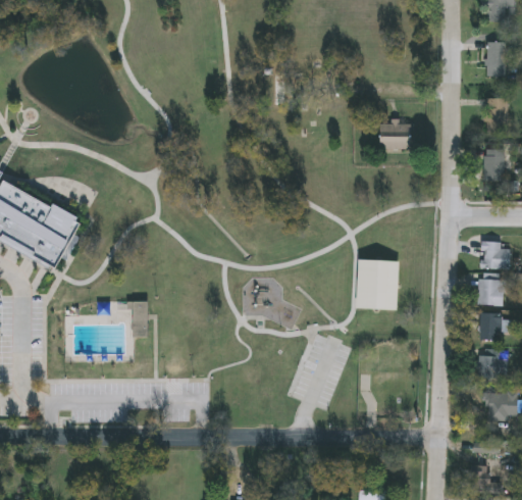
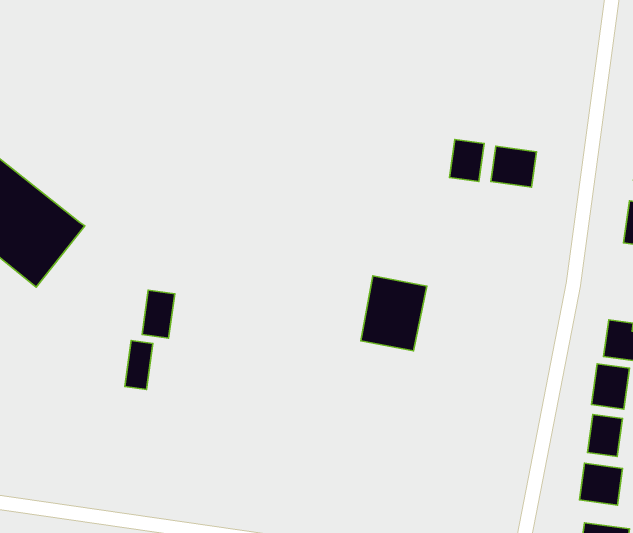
building: none -> [449,140,484,182]
building: [357,259,400,310] -> [361,276,427,351]
building: none -> [142,290,175,338]

